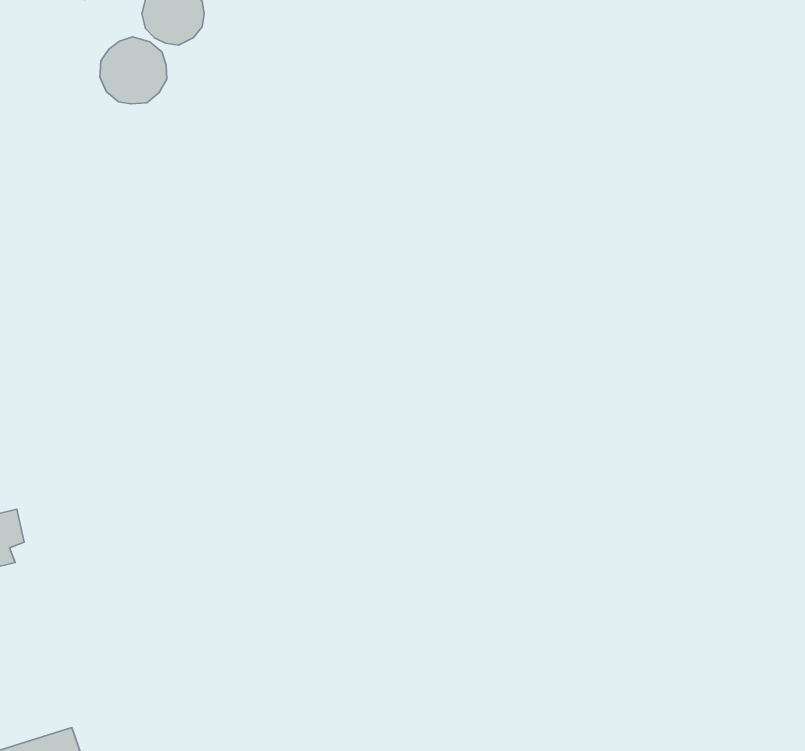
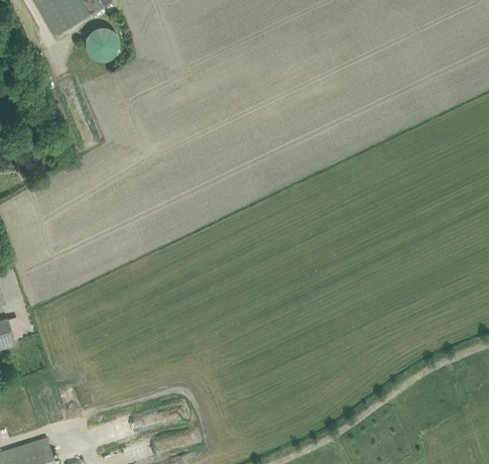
building: [100,37,167,104] -> none

